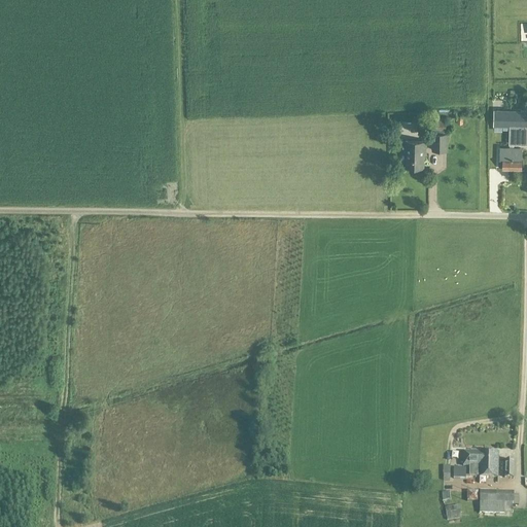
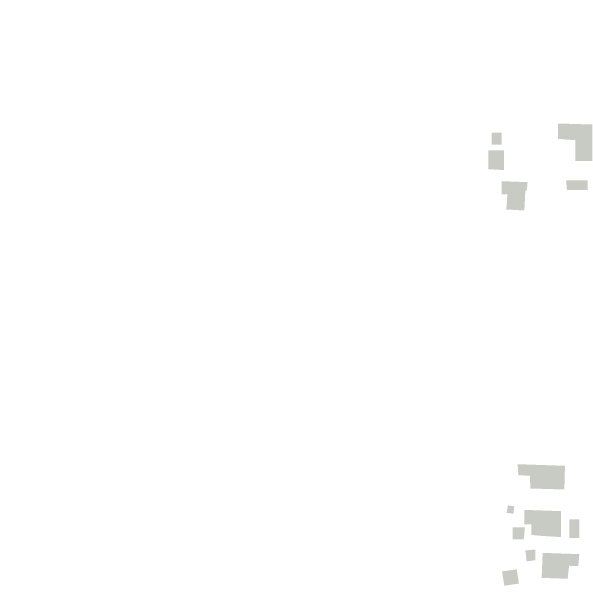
building: [401,140,426,167] -> [501,181,529,211]
building: none -> [517,463,565,490]

